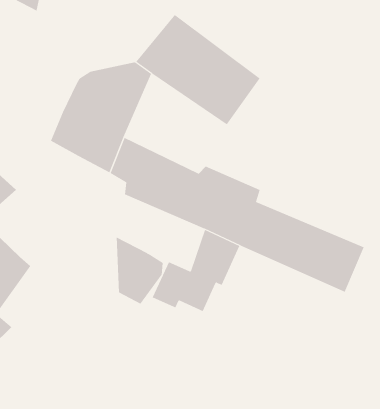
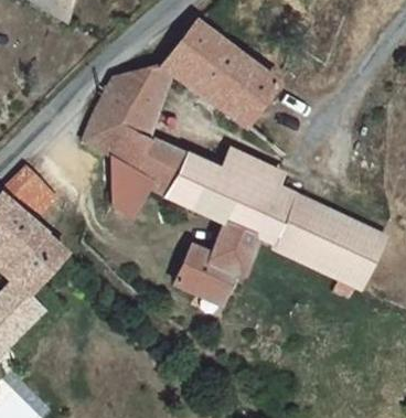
building: [116,236,164,305] -> [108,152,152,215]

